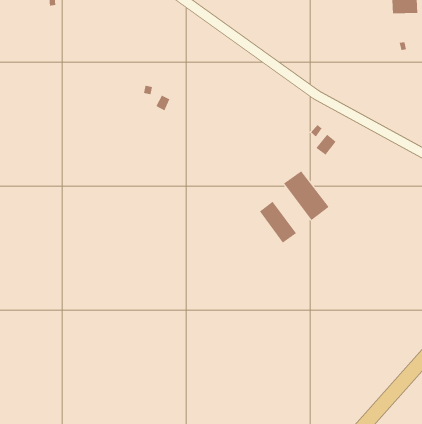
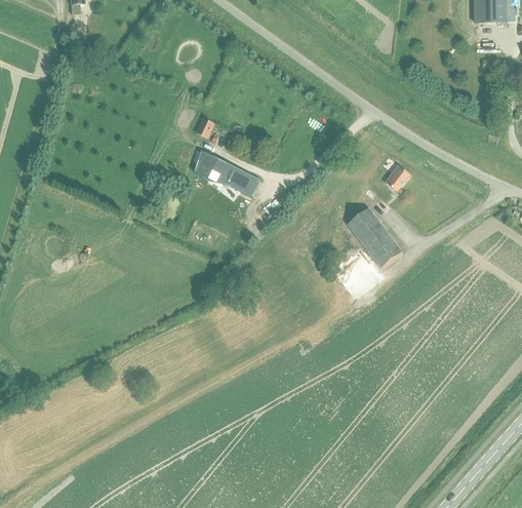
building: none -> [193,149,250,193]
building: [259,201,297,244] -> none

